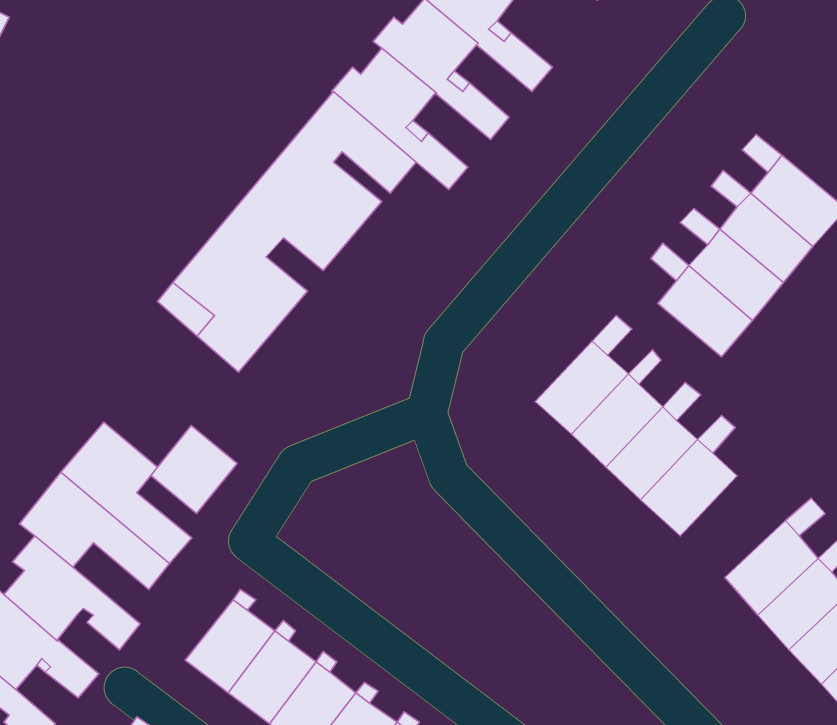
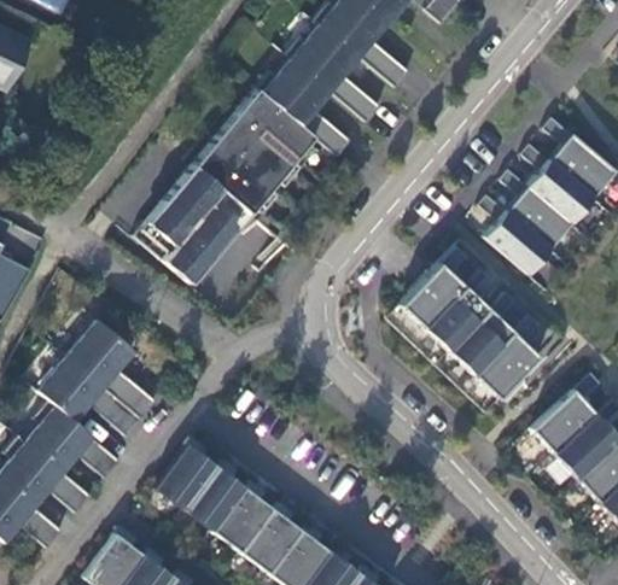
building: [151,425,237,513] -> none

